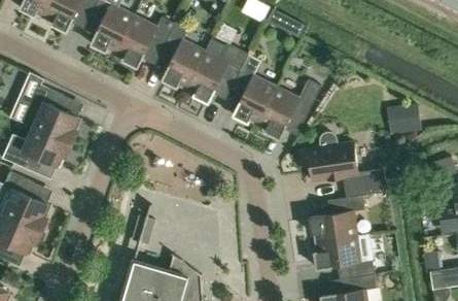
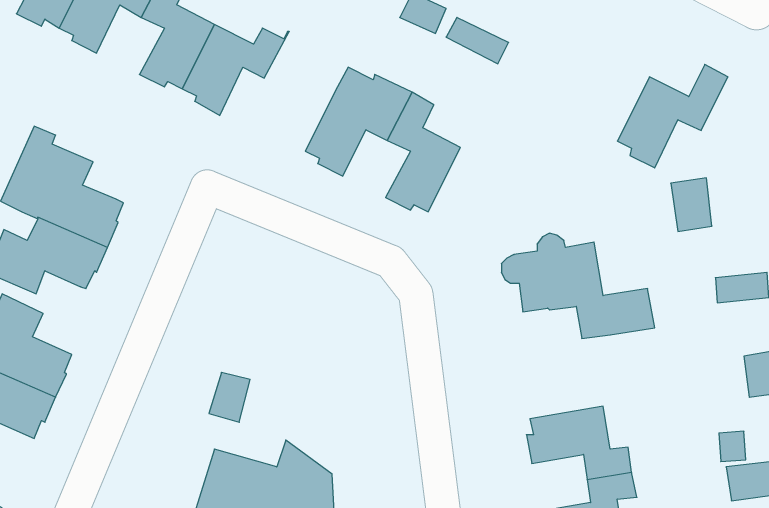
building: [162,19,205,88] -> none
building: [257,78,321,138] -> [617,64,728,168]
building: [309,194,365,242] -> none

